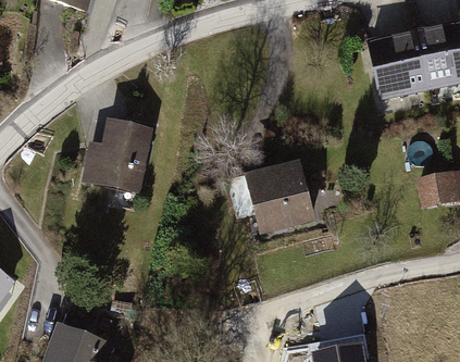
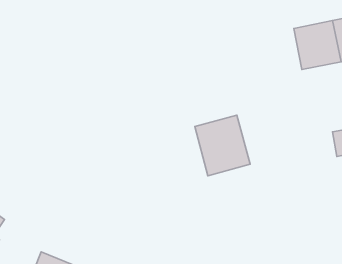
building: [82,117,152,189] -> none

